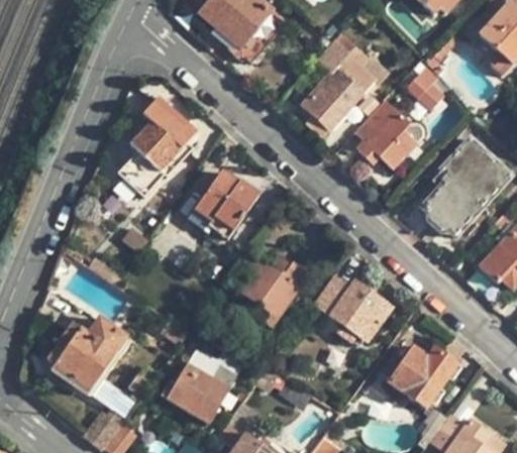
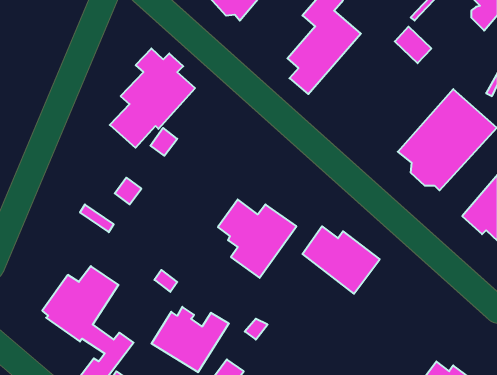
building: [357,100,417,172] -> none
building: [190,172,262,239] -> none
building: [388,337,466,409] -> none

